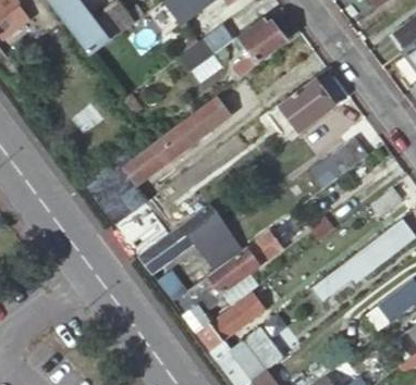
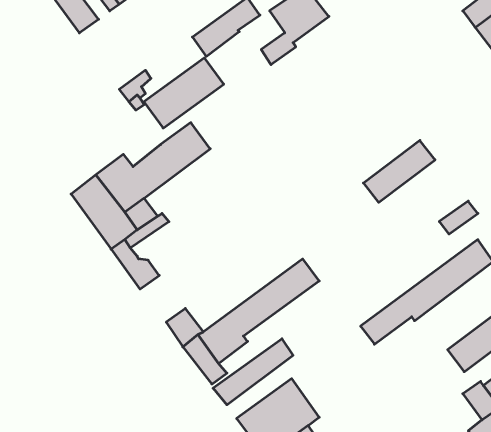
building: [281,77,335,129] -> none
building: [178,89,241,145] -> [144,58,224,128]
building: [139,207,236,272] -> none

